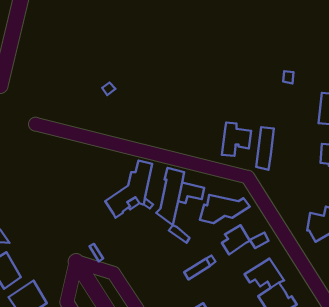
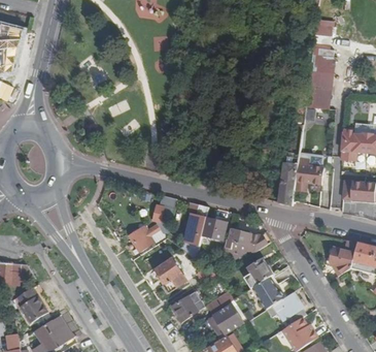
building: none -> [306,53,336,107]
building: [222,123,251,156] -> [294,157,322,190]
building: none -> [155,258,186,293]
building: none -> [252,277,284,310]
building: none -> [172,291,205,320]
building: none -> [215,305,243,334]

